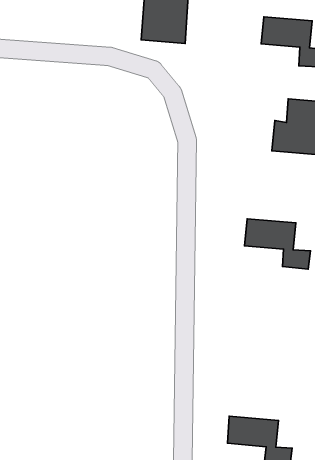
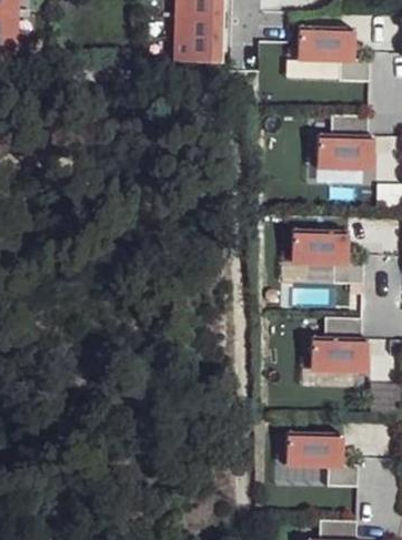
building: none -> [310,316,360,371]

